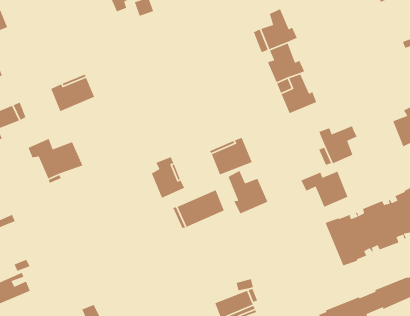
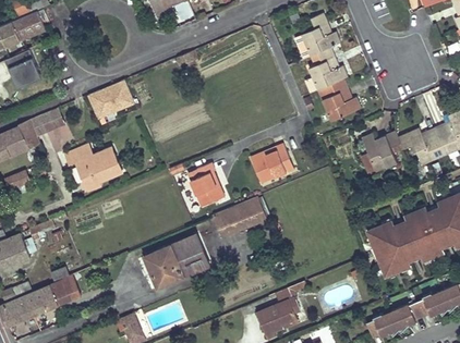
building: [228,170,269,214] -> none
building: [300,170,349,208] -> [398,127,447,166]
building: none -> [144,235,208,287]

